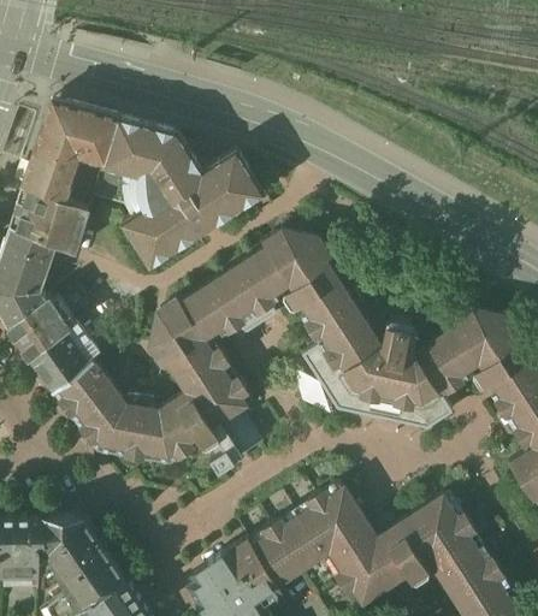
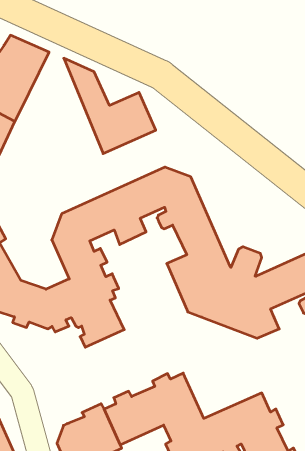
building: [91,117,202,265] -> none

